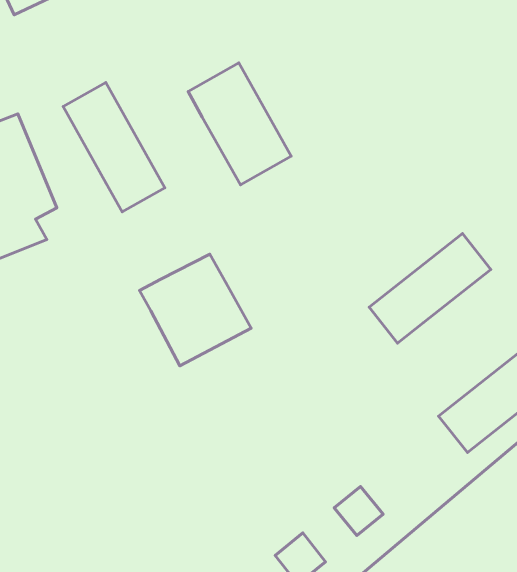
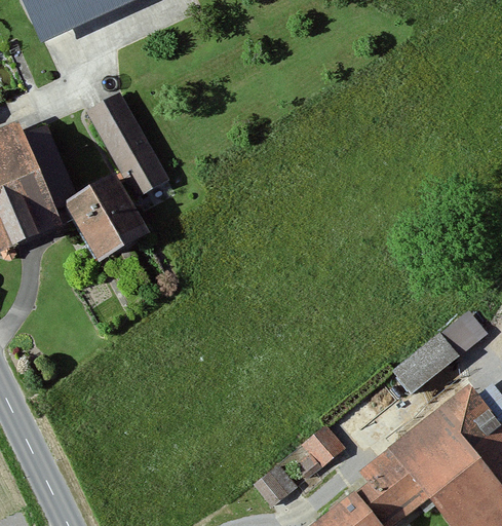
building: [188,63,291,185] -> none
building: [369,234,491,343] -> none
building: [139,254,251,366] -> [61,176,152,267]

